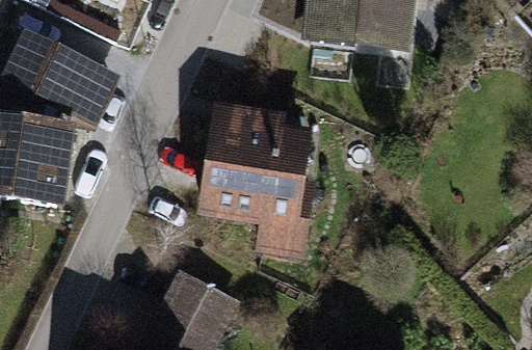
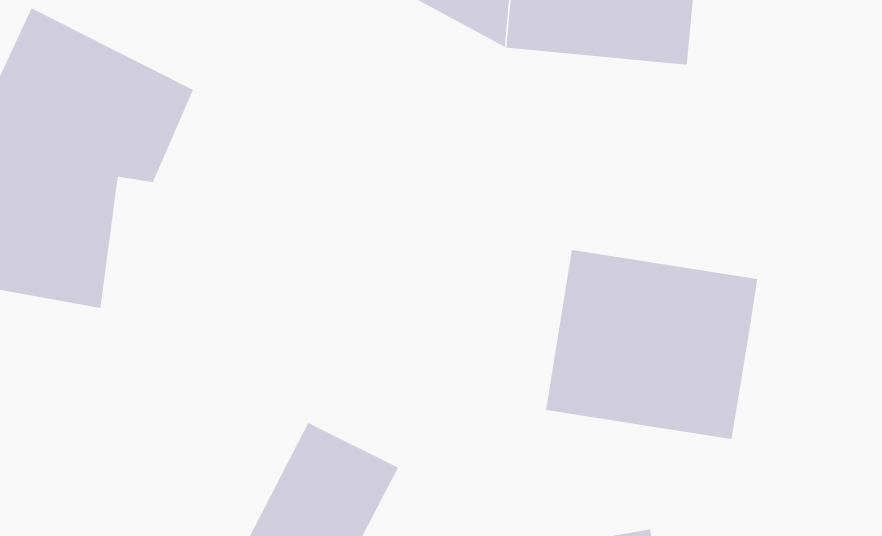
building: [196,95,315,253] -> none
building: none -> [546,249,758,440]

